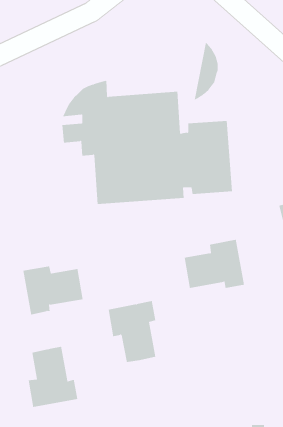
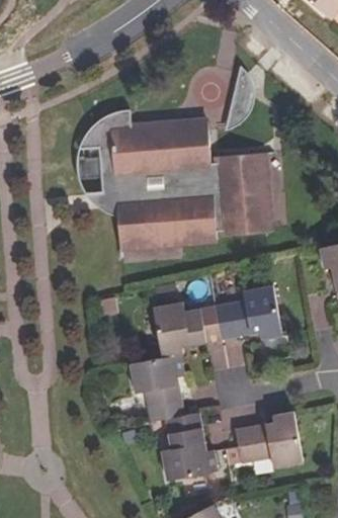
building: [22,266,84,315] -> [153,303,221,357]
building: [28,346,78,407] -> [162,413,218,481]
building: none -> [236,412,303,467]

